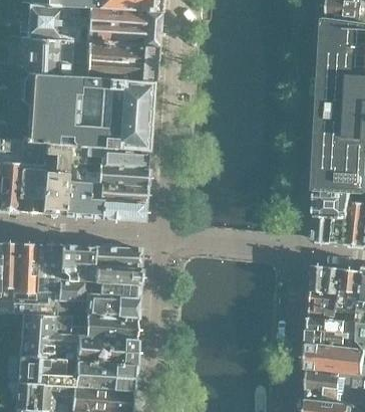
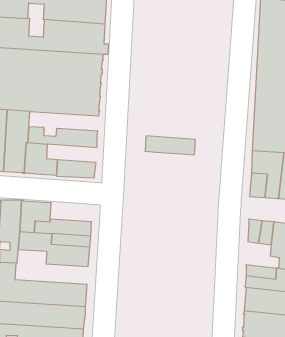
building: [68,145,146,167] -> none
building: [88,181,144,202] -> [145,136,195,155]
building: [92,243,140,268] -> none
building: [311,290,339,320] -> none
building: [53,315,134,339] -> none

